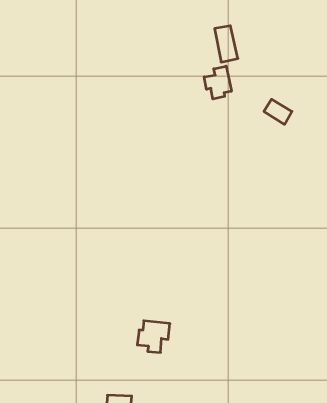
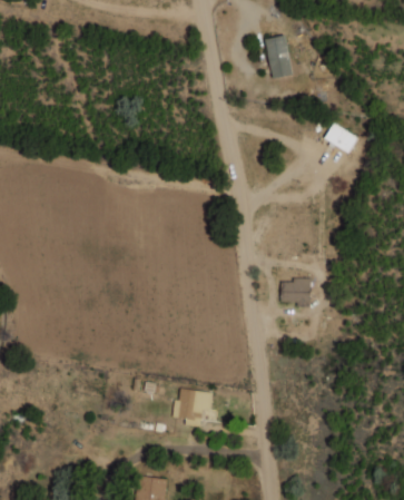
building: [204,66,231,99] -> none
building: none -> [282,277,312,307]

